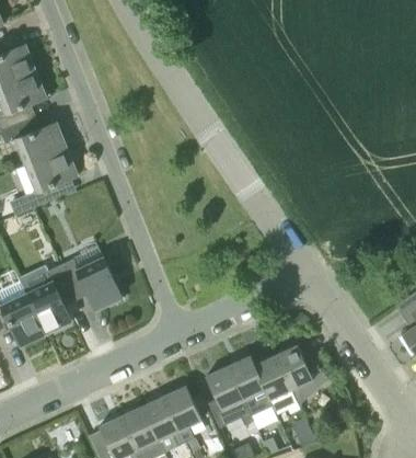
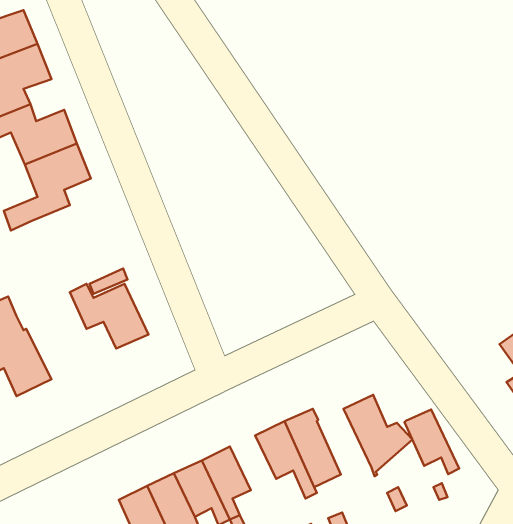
building: [27,265,74,333] -> none
building: [254,356,297,407] -> [405,410,459,474]

